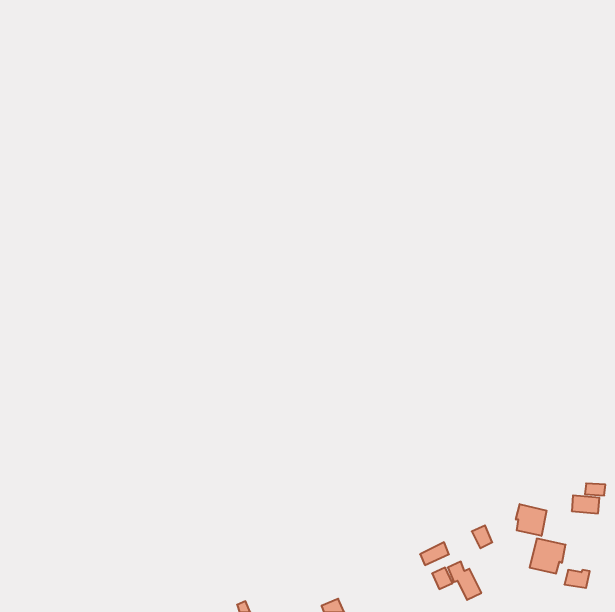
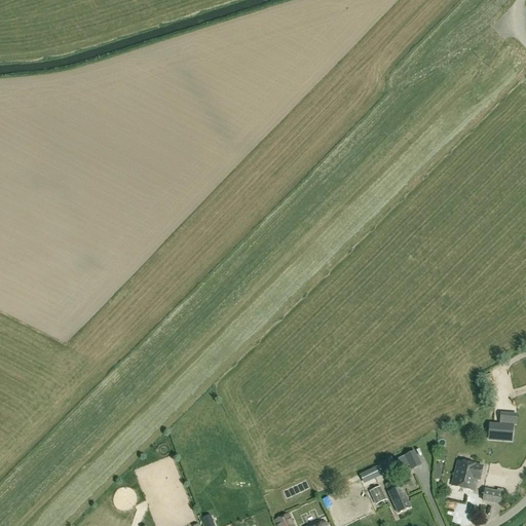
building: [516,504,547,536] -> none

